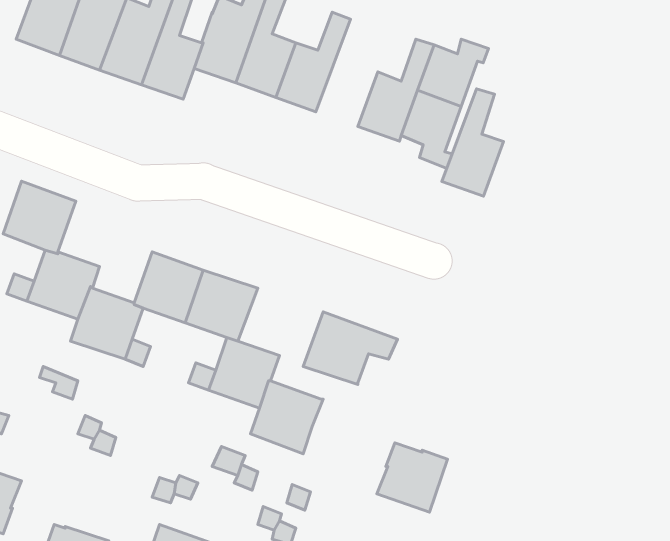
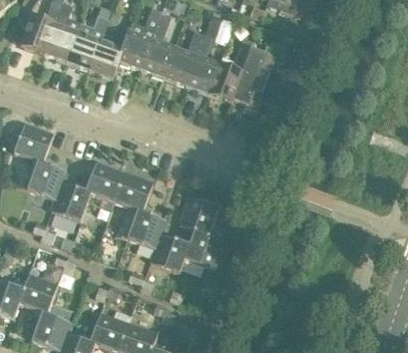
building: [442,89,504,196] -> [185,33,220,92]
building: [377,443,448,512] -> [183,230,223,268]
building: none -> [17,274,57,314]

